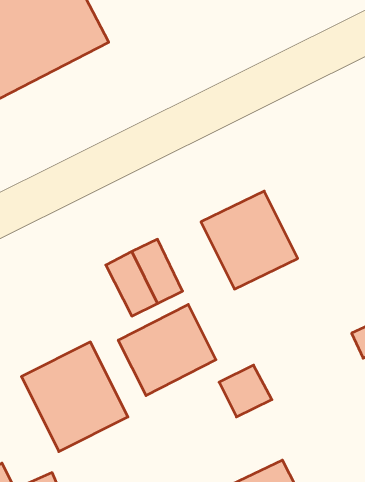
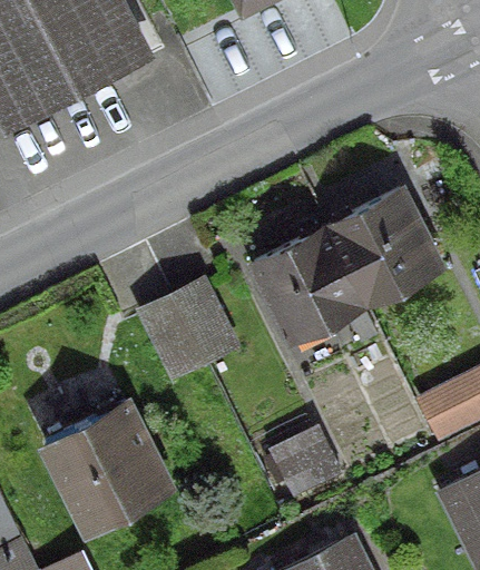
building: none -> [326,190,438,306]
building: [118,304,216,396] -> none

